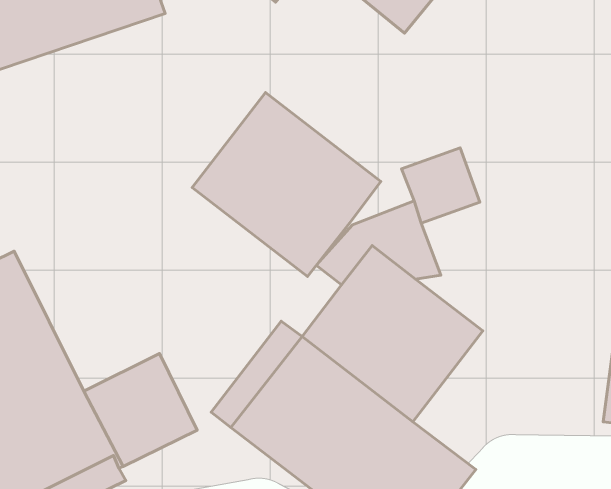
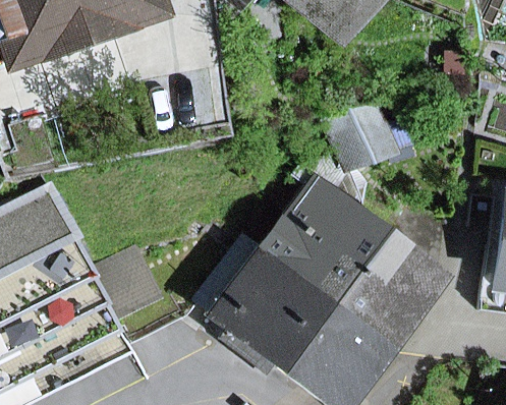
building: [192,93,381,276] -> none
building: none -> [346,249,443,350]

